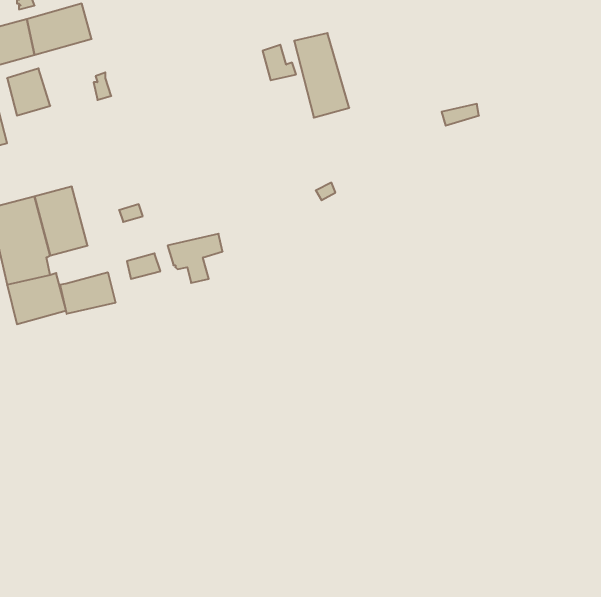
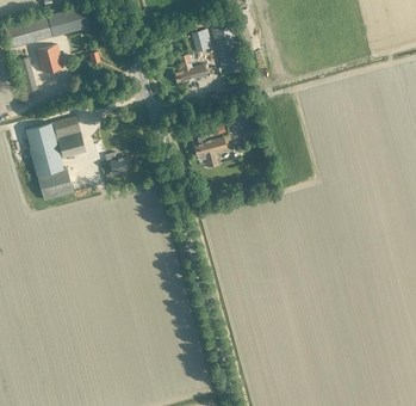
building: none -> [174,54,207,84]
building: [168,234,223,283] -> [193,137,226,167]
building: [60,272,115,314] -> none

